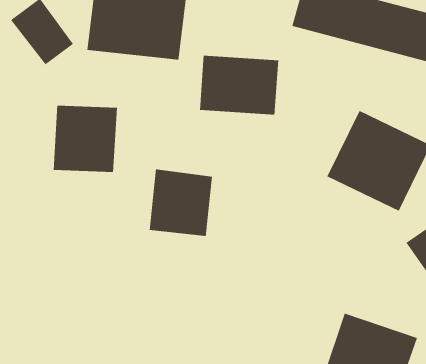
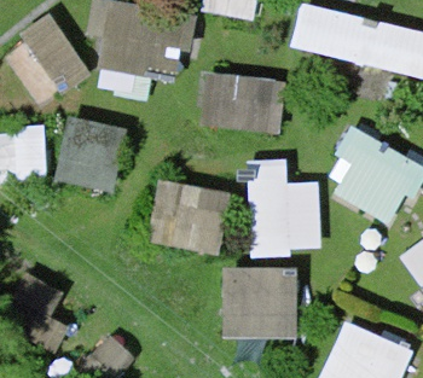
building: none -> [248,169,318,255]
building: none -> [221,268,297,339]

